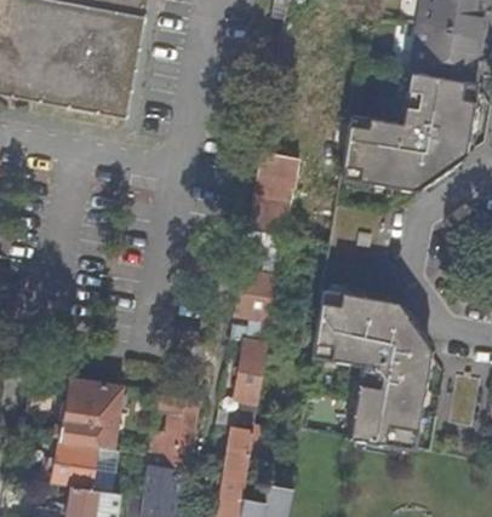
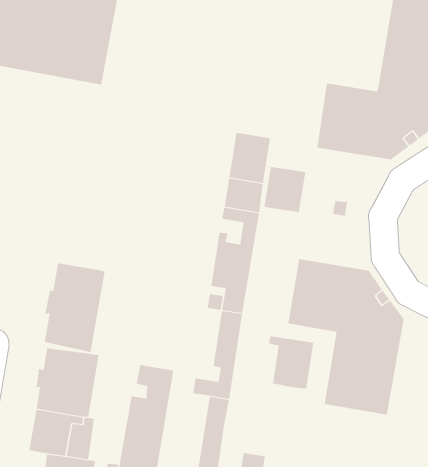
building: none -> [264,166,306,213]
building: none -> [44,262,105,353]
building: none -> [269,336,314,390]

